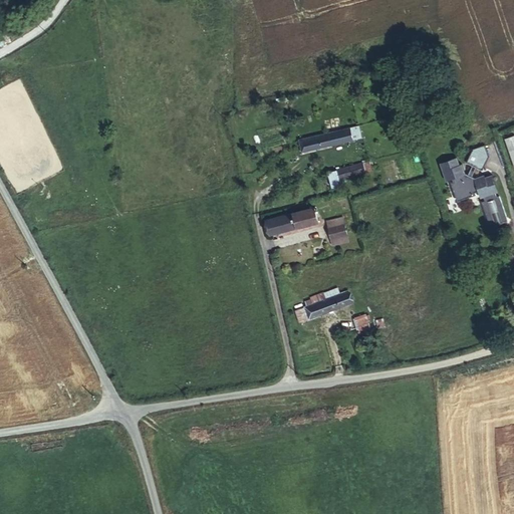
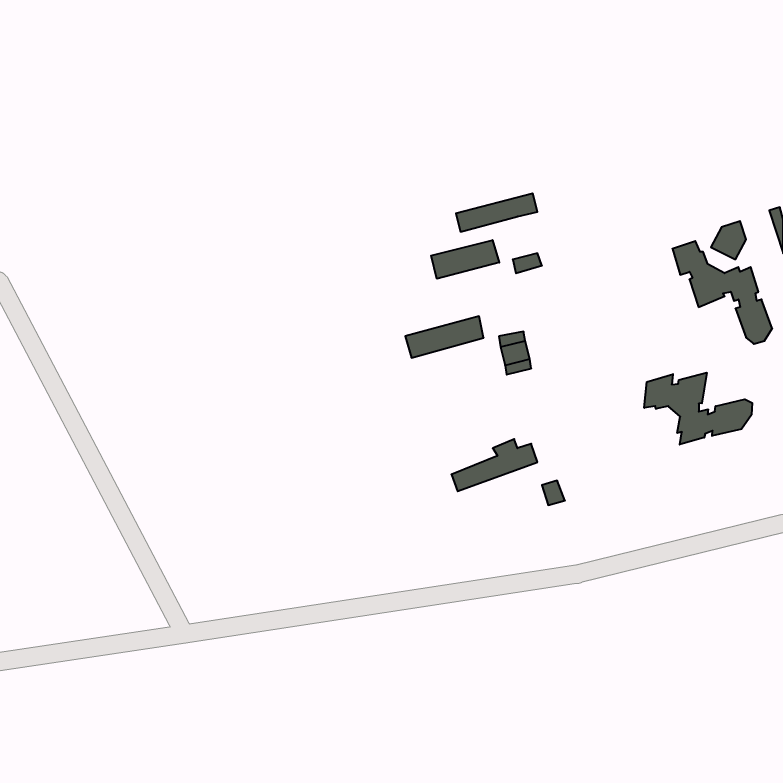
building: none -> [431,240,499,279]
building: none -> [644,373,752,445]

